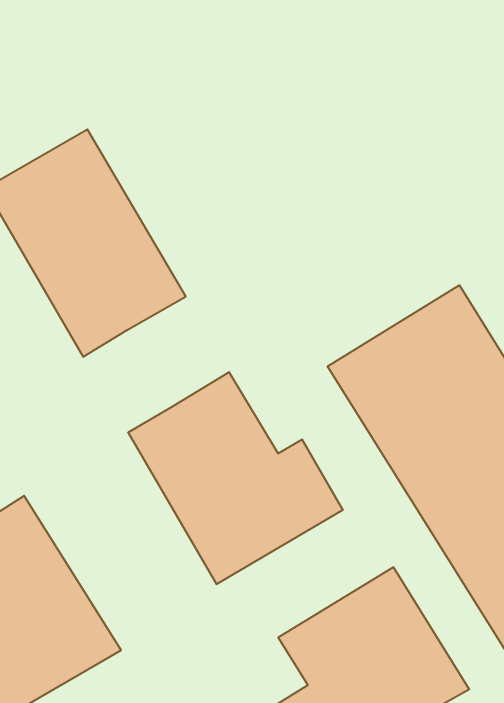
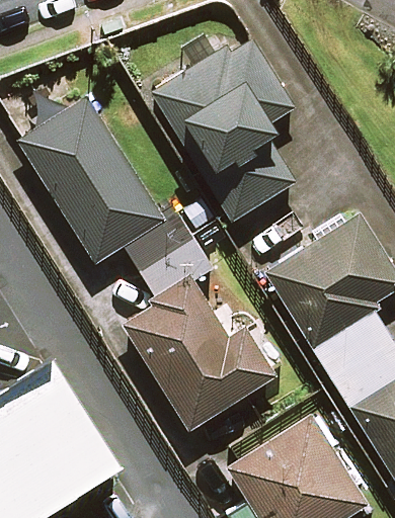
building: none -> [152,36,294,222]
building: none -> [120,212,210,301]

